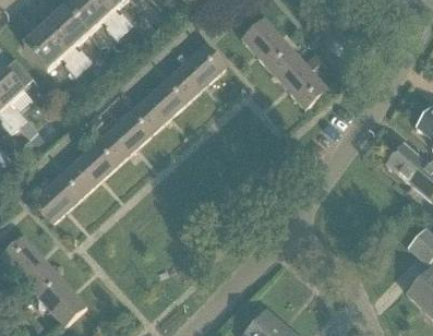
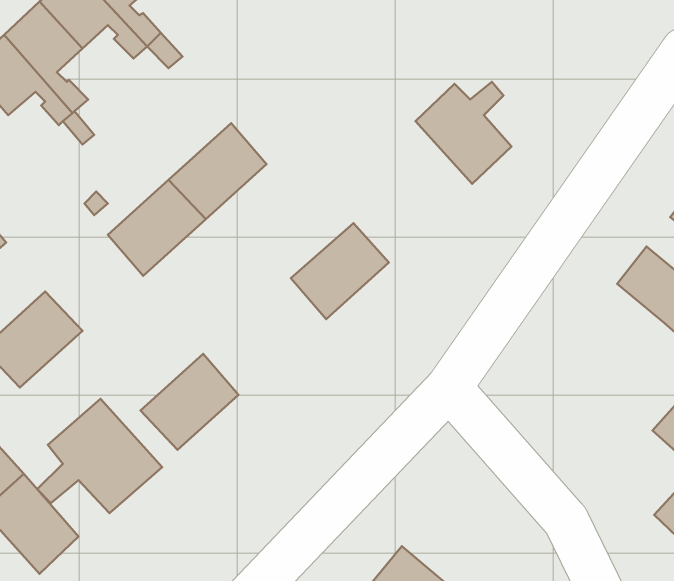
building: [242,17,296,73] -> none
building: [171,44,226,97] -> [291,223,389,319]
building: [68,136,122,190] -> [140,354,238,450]
building: none -> [37,399,162,513]

